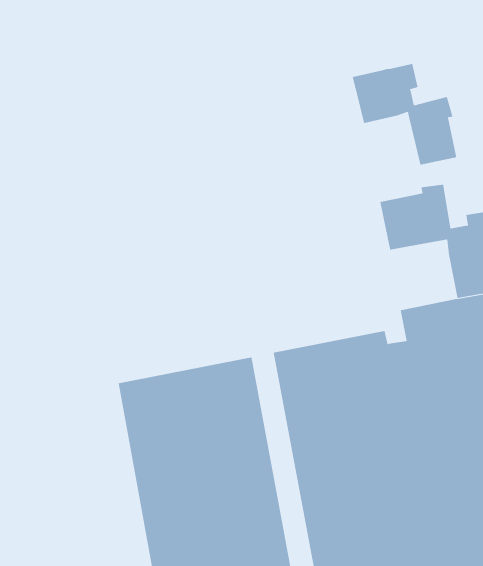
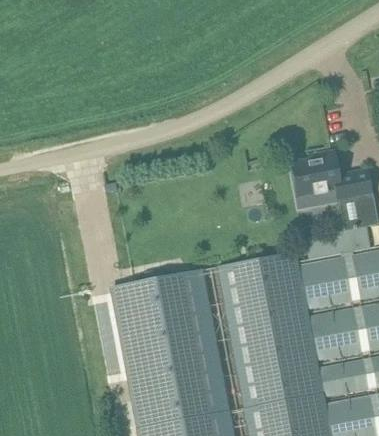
building: [352,63,457,165] -> none

